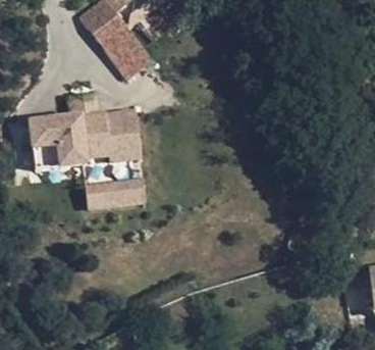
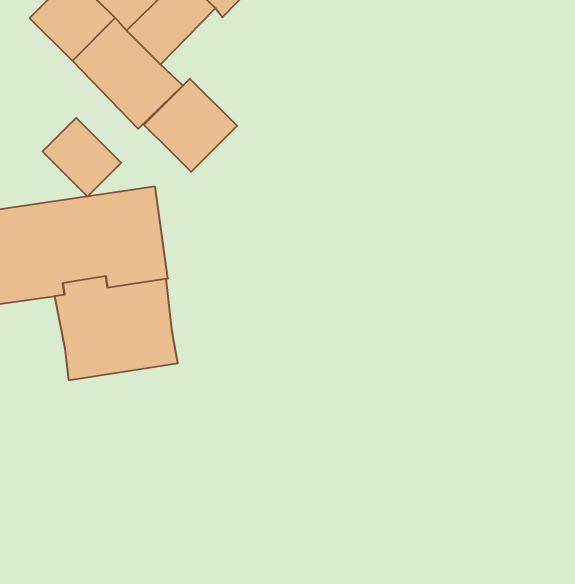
building: none -> [144,79,237,172]
building: none -> [43,118,121,197]

